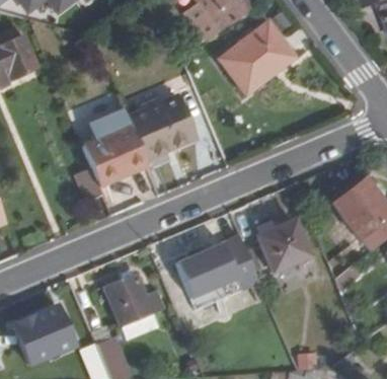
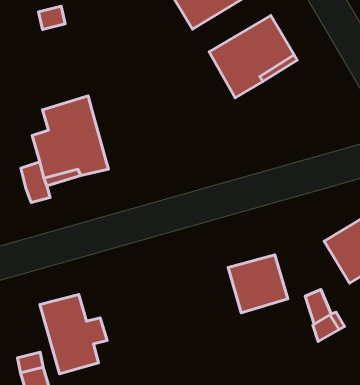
building: [127,97,194,159] -> none
building: [175,235,254,298] -> none

